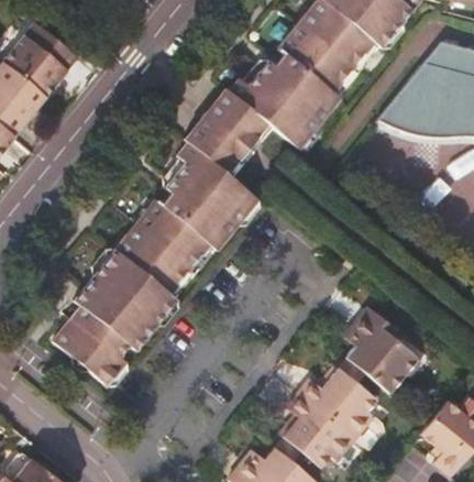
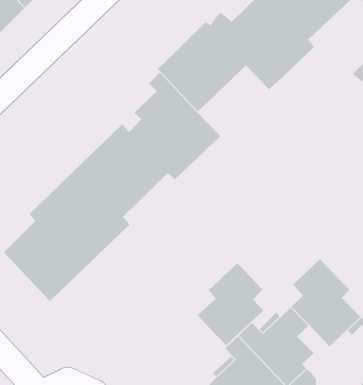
building: none -> [197,262,264,346]

